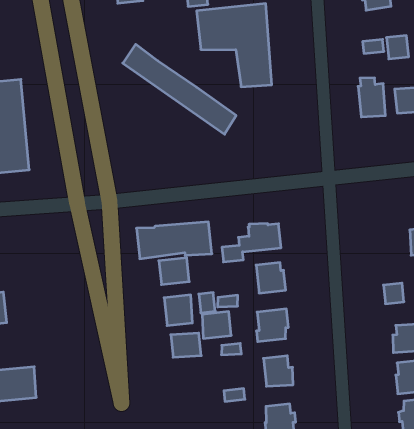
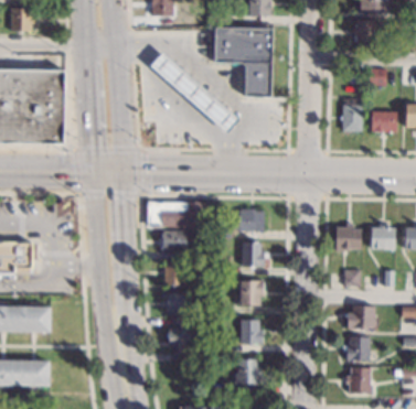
building: none -> [335,224,361,250]
building: [202,312,231,338] -> [168,327,191,347]

